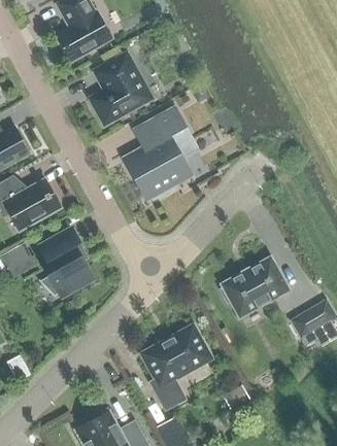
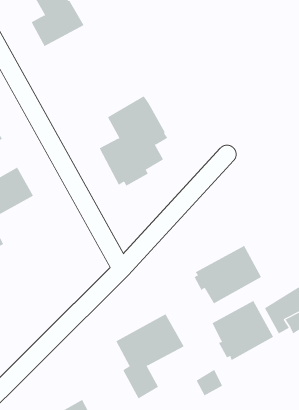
building: [91,54,151,125] -> none
building: [39,228,94,297] -> none
building: none -> [212,300,274,361]

